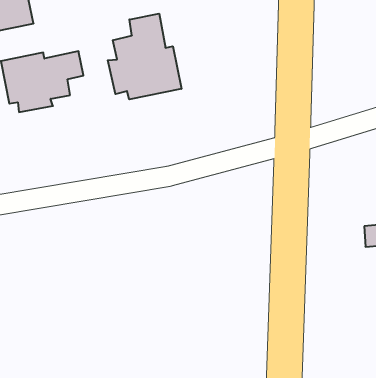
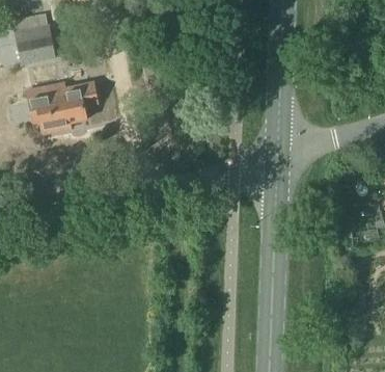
building: [108,14,181,99] -> none

